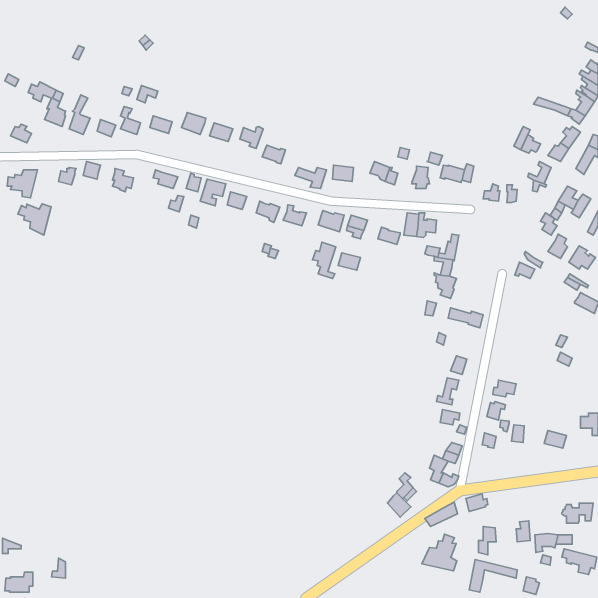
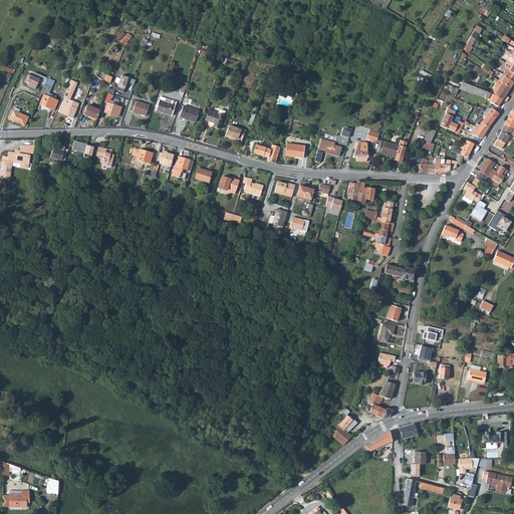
building: [18,204,51,235] -> none
building: [422,534,457,571] -> none

